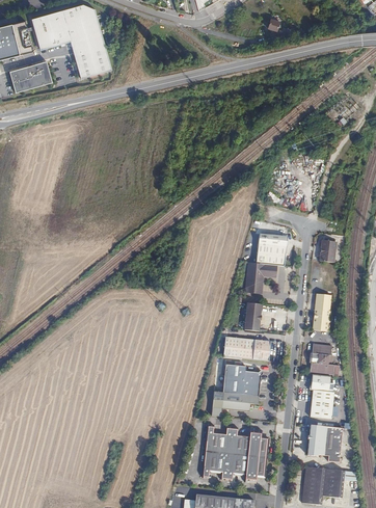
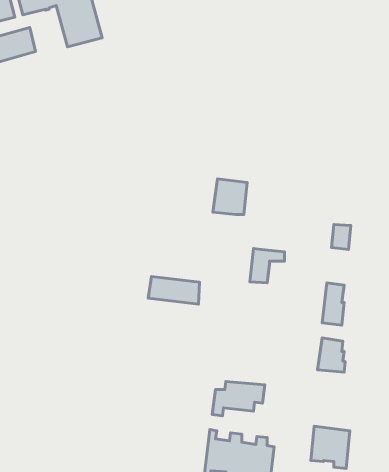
building: [257,233,288,265] -> [213,179,247,214]
building: [245,302,263,330] -> none
building: [224,335,271,359] -> [148,277,200,304]
building: [224,363,262,385] -> none
building: [308,374,332,419] -> none

